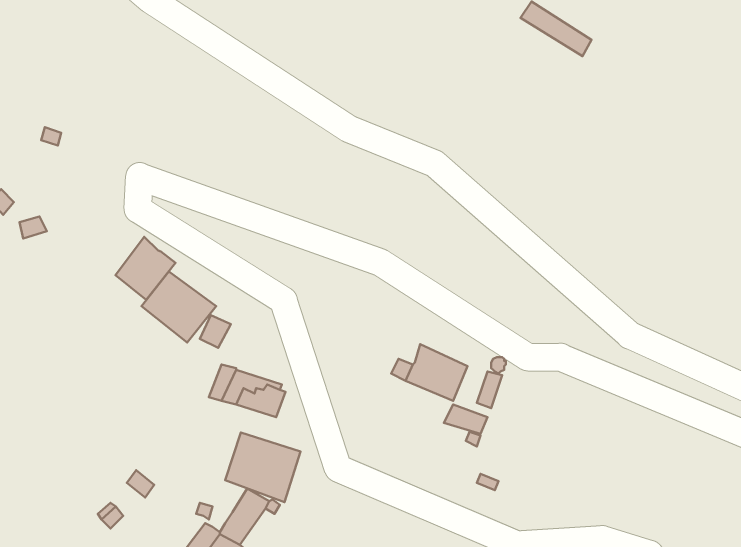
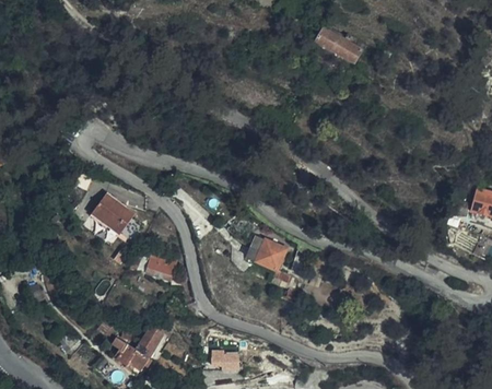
building: [116,237,176,300] -> none
building: [225,433,301,502] -> none

